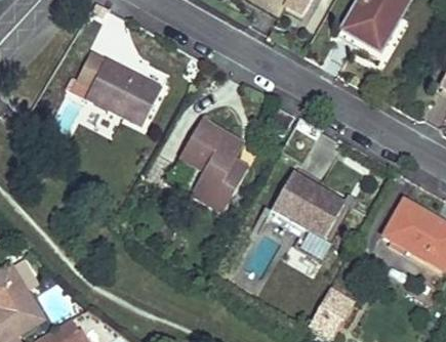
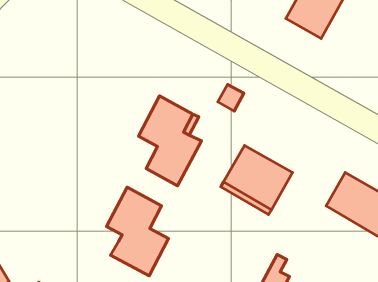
building: [67,46,157,124] -> none
building: none -> [107,187,169,276]

